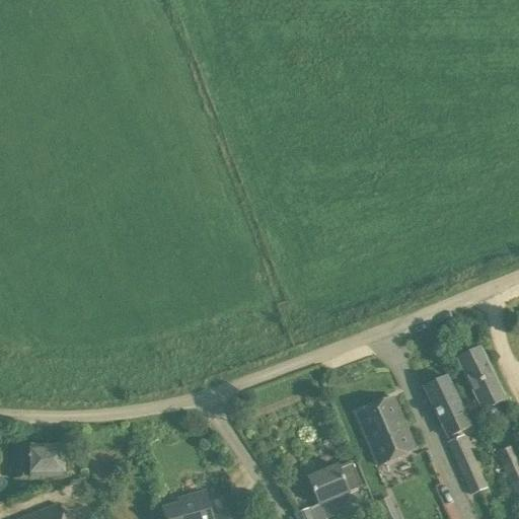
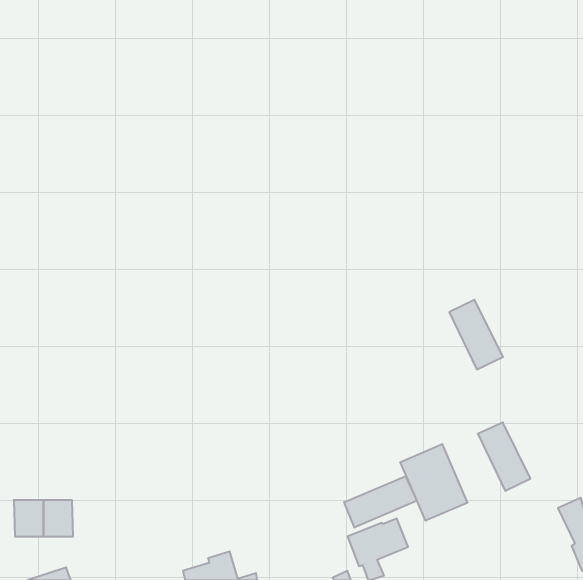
building: [458,347,506,409] -> [449,300,503,369]
building: none -> [344,476,417,528]
building: [448,433,488,493] -> none

